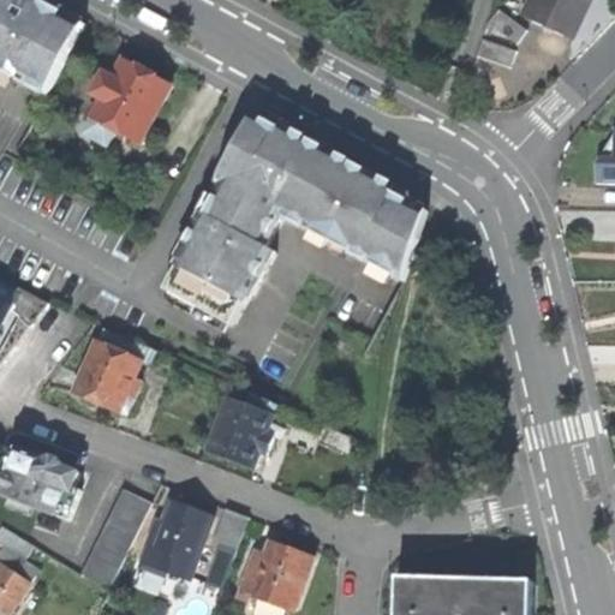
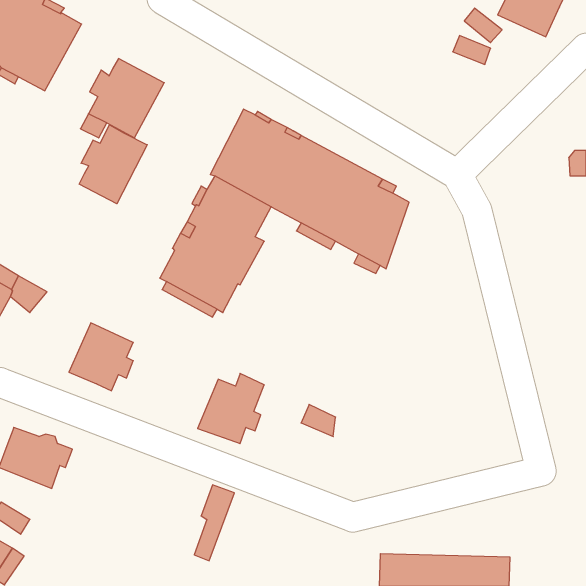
building: none -> [79,125,147,204]
building: [78,488,149,586] -> none
building: [138,498,211,578] -> none
building: [240,538,311,608] -> none

